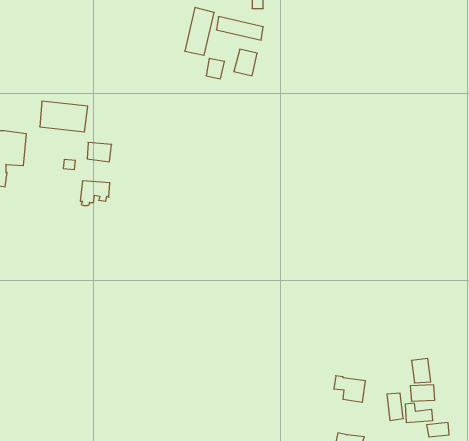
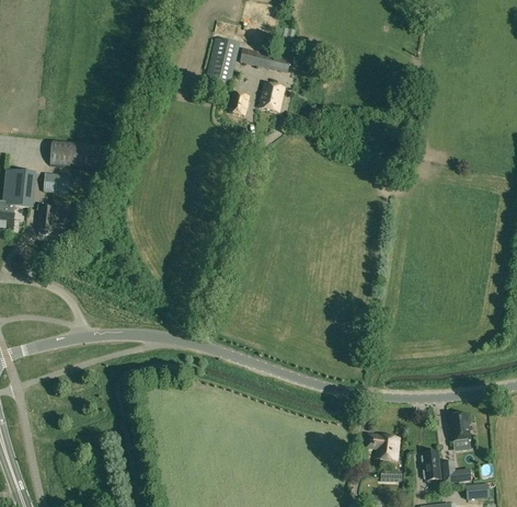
building: [87,142,112,162] -> [43,173,69,194]
building: [80,181,110,205] -> [37,207,69,233]

